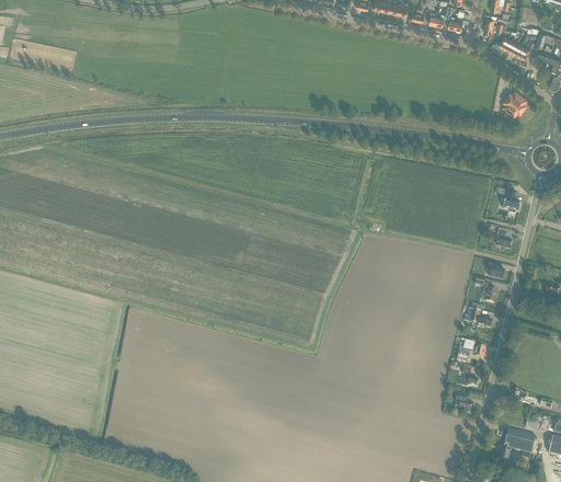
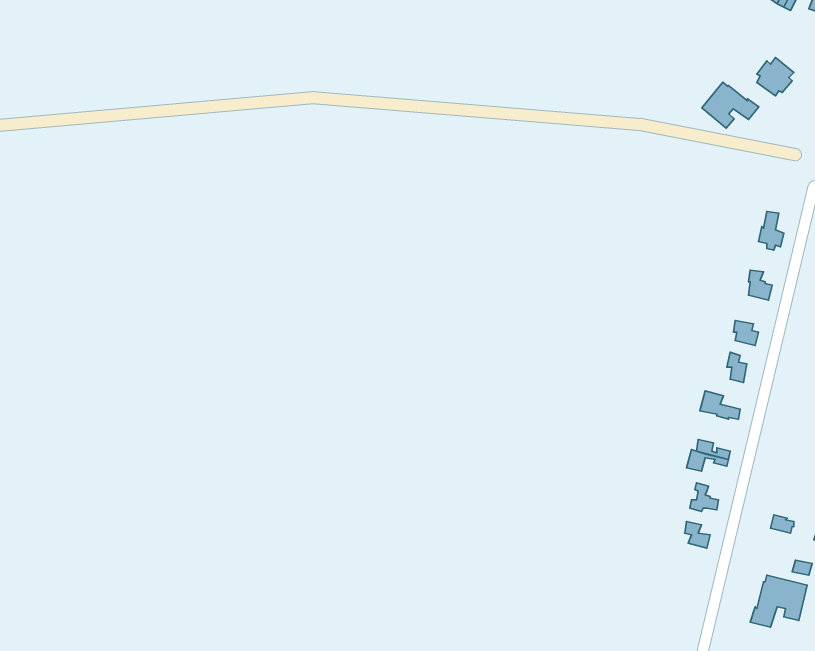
building: none -> [702,82,759,128]

